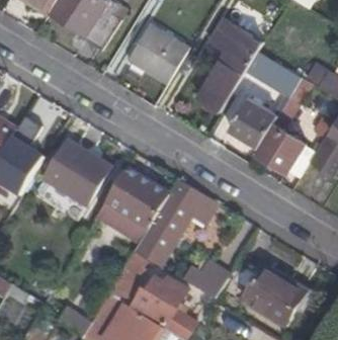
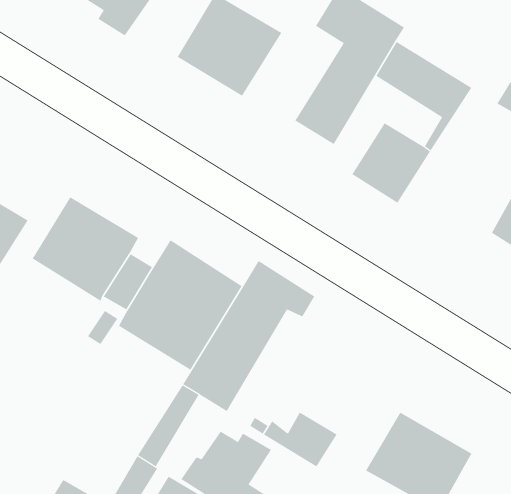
building: [256,76,313,170] -> none

